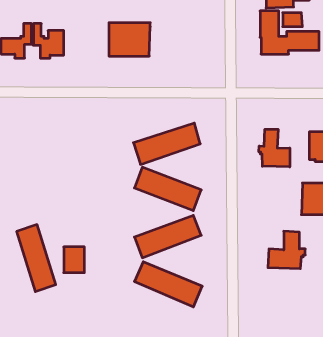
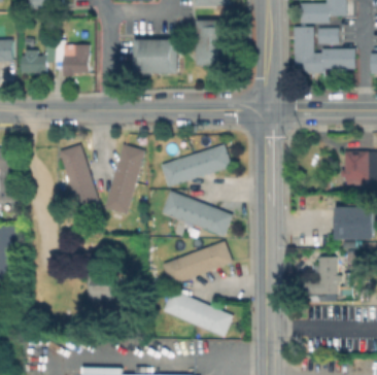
building: none -> [199,23,229,65]
building: none -> [104,143,144,213]
building: [259,129,290,167] -> none
building: [17,225,56,292] -> [59,143,100,213]

